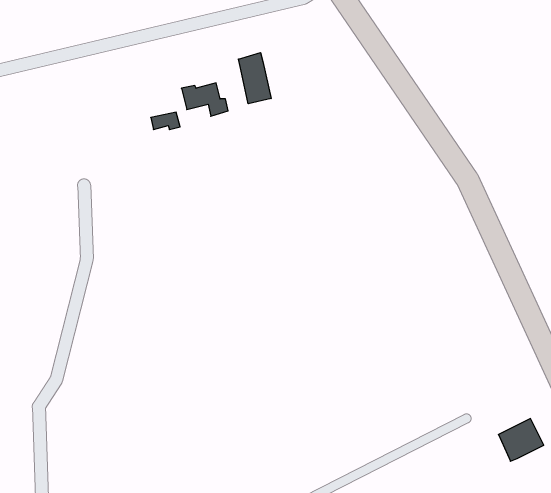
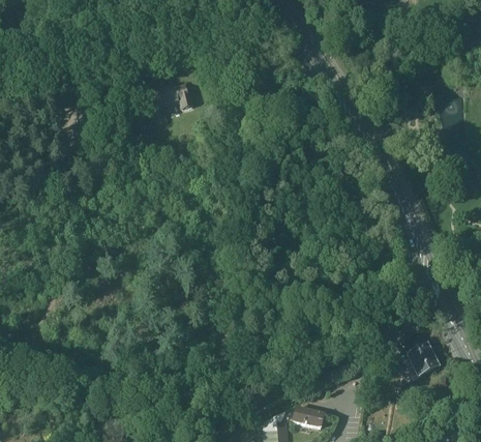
building: [238,53,271,104] -> none

